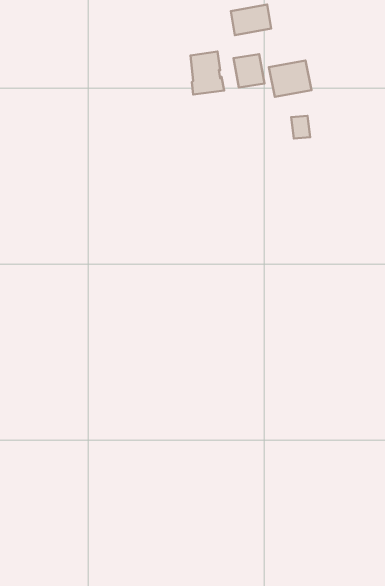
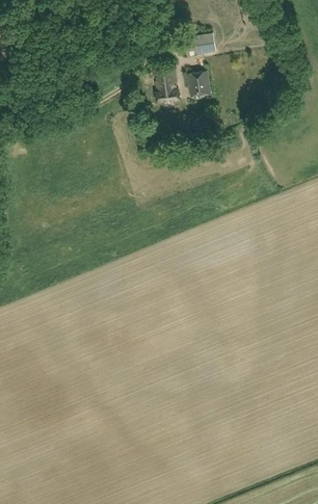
building: [269,61,312,97] -> none

